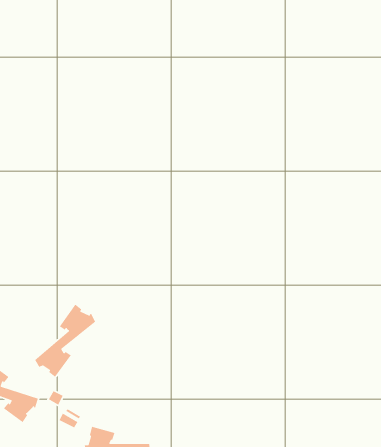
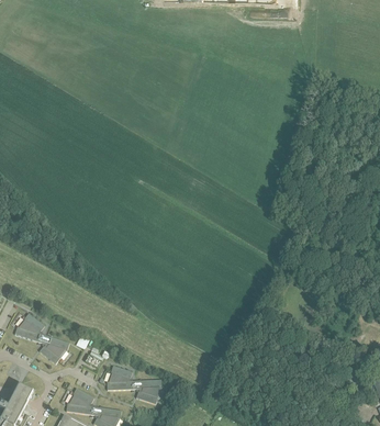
building: [34,304,96,378] -> none

